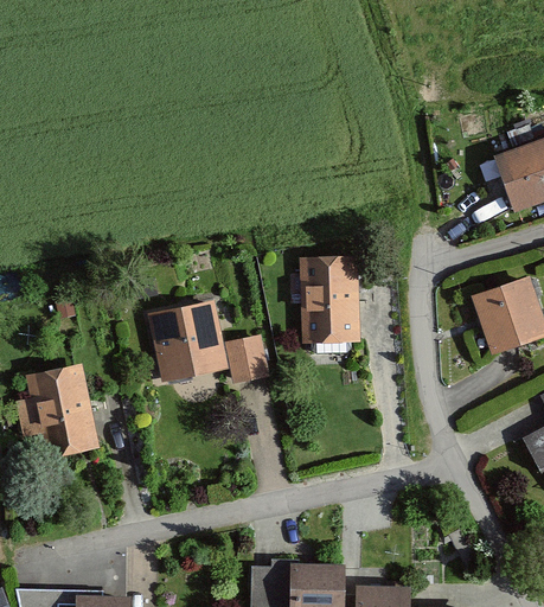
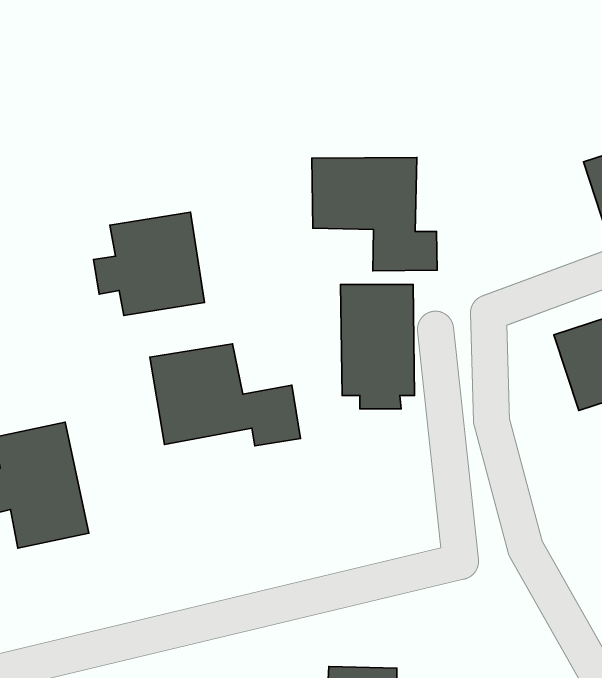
building: none -> [312,158,437,271]
building: none -> [94,212,204,315]

